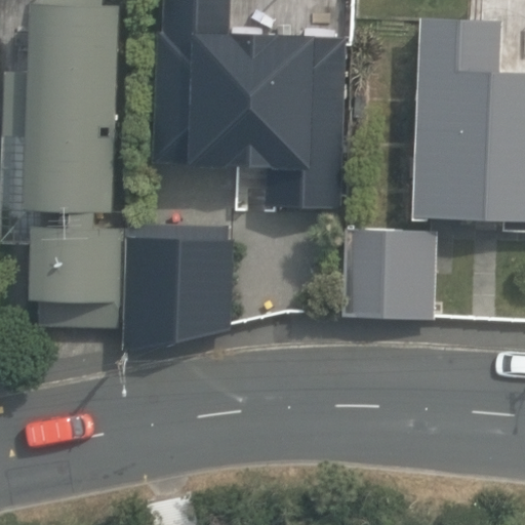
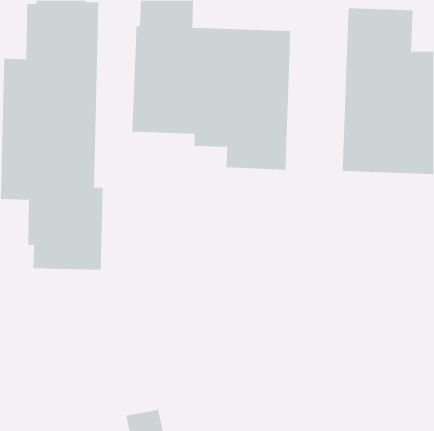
building: [127,217,235,342] -> none
building: [341,227,432,317] -> none

